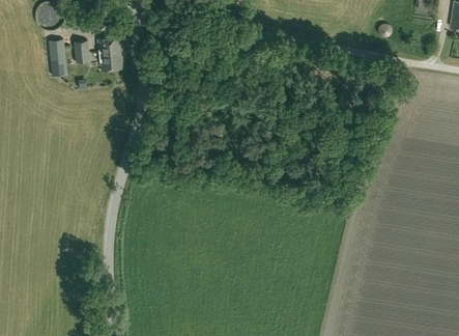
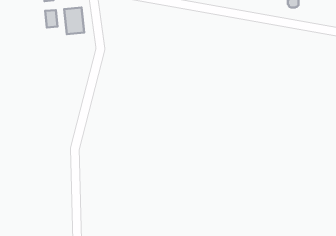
building: [49,40,66,77] -> none

